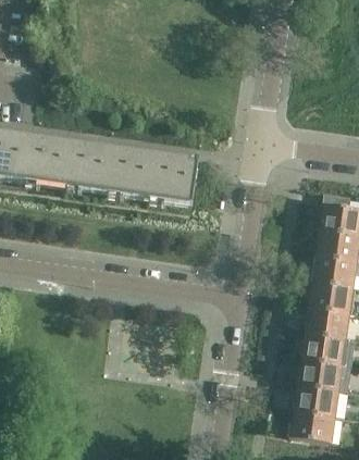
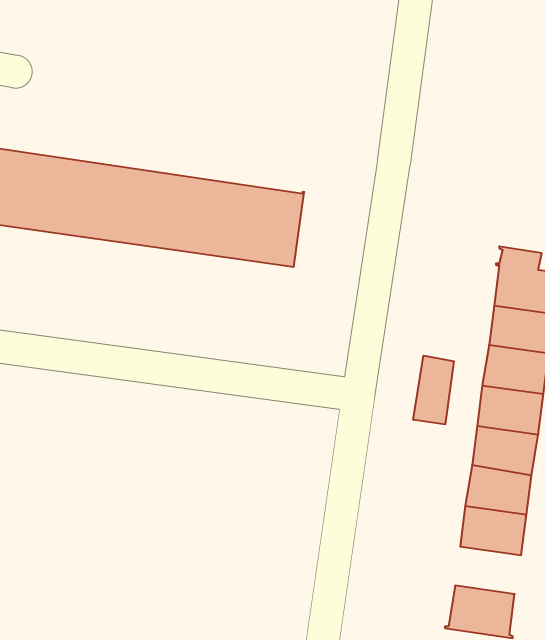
building: none -> [413,356,454,424]
building: [295,381,337,411] -> none

